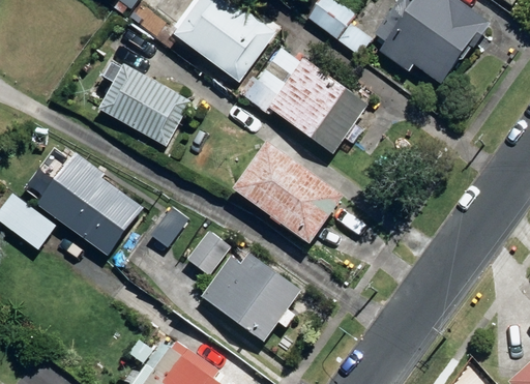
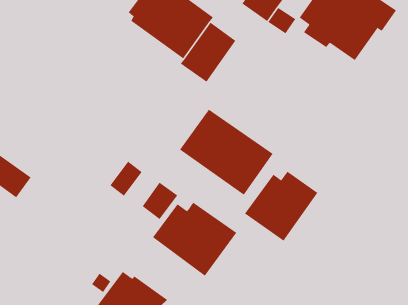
building: [267,57,369,154] -> none
building: [98,64,192,147] -> none
building: [38,150,143,254] -> none
building: none -> [244,171,318,242]

